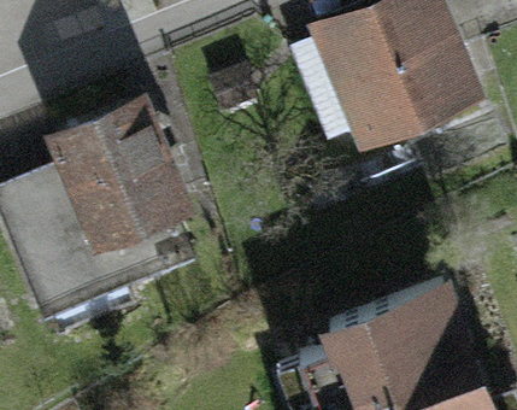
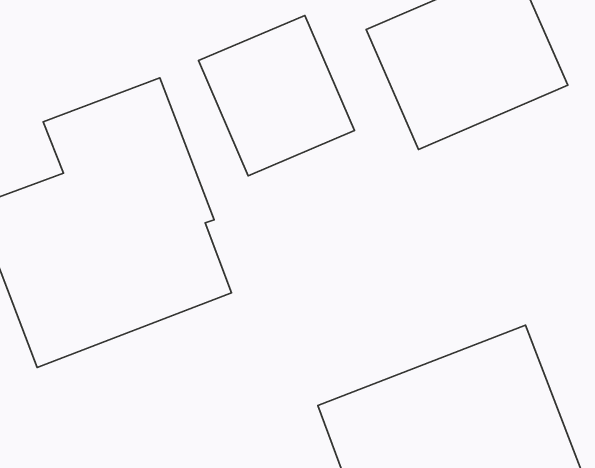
building: none -> [198,15,355,176]

